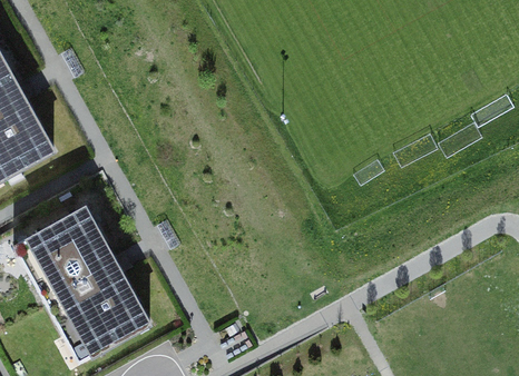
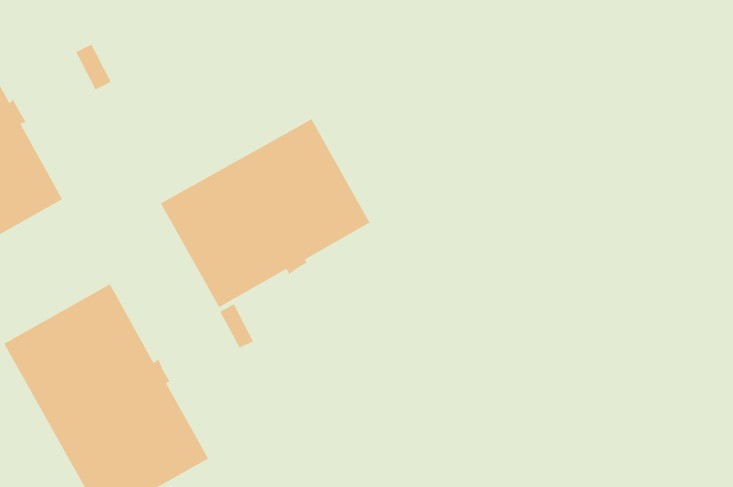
building: none -> [160,118,371,308]

